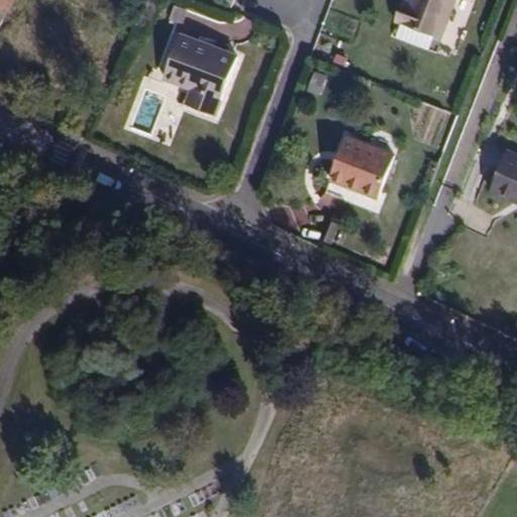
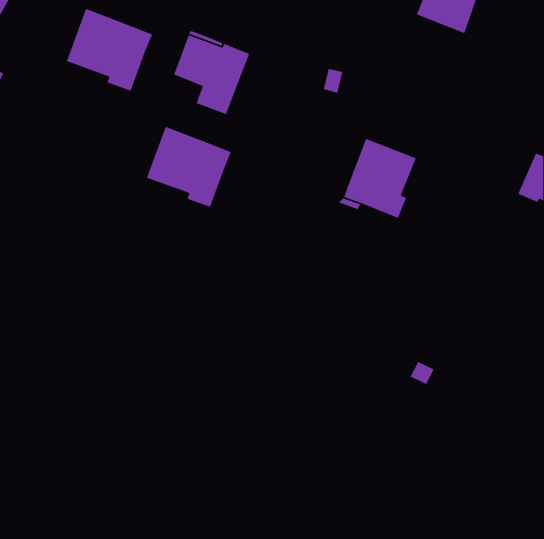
building: none -> [66,8,153,92]
building: none -> [146,126,232,208]

